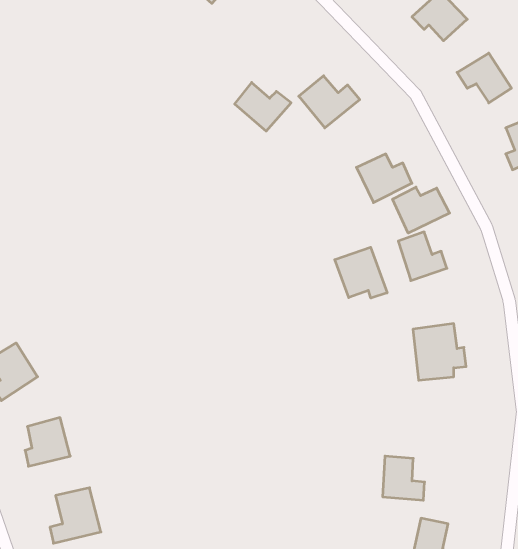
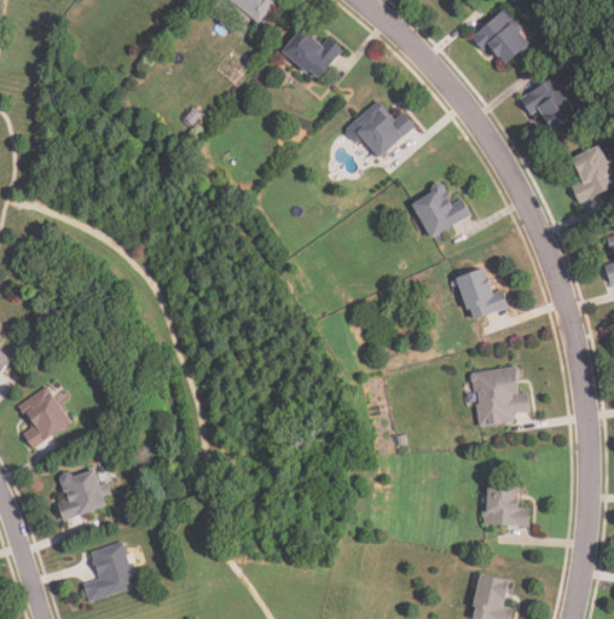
building: [235,82,291,131] -> [282,28,342,80]
building: [393,187,450,233] -> none
building: [335,247,387,298] -> none
building: [383,456,425,500] -> [485,480,529,527]

